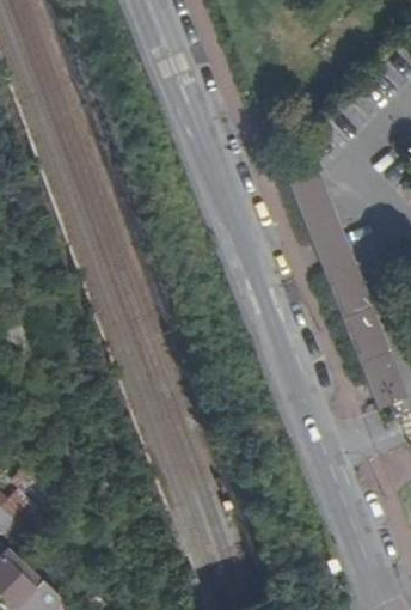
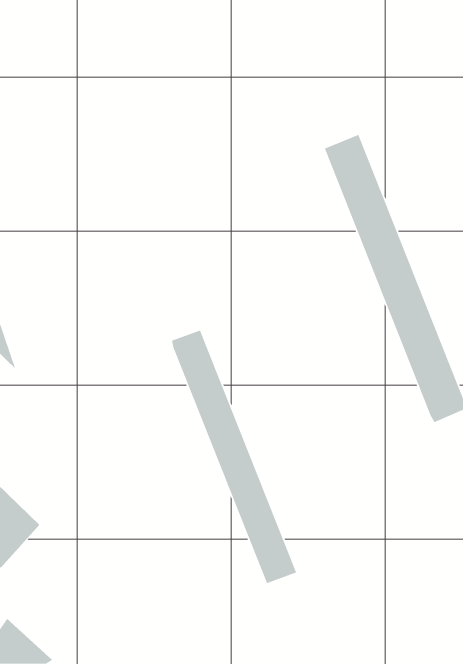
building: none -> [171,330,297,584]

